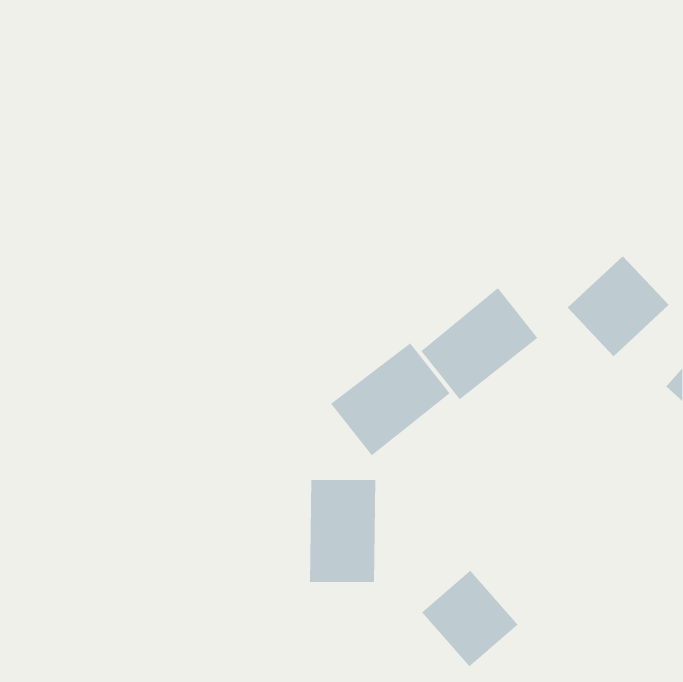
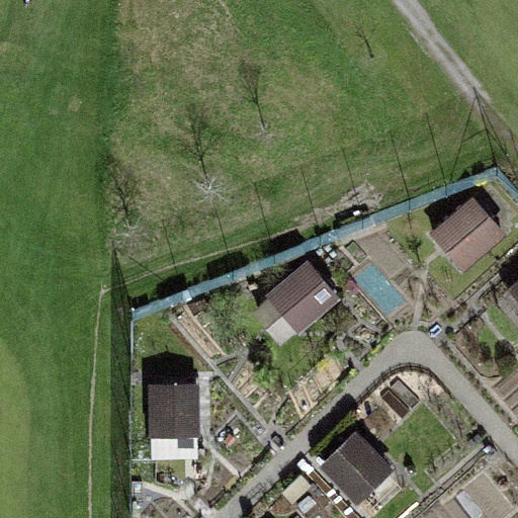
building: [421,287,538,400] -> none
building: [309,480,376,583] -> [149,381,199,459]

